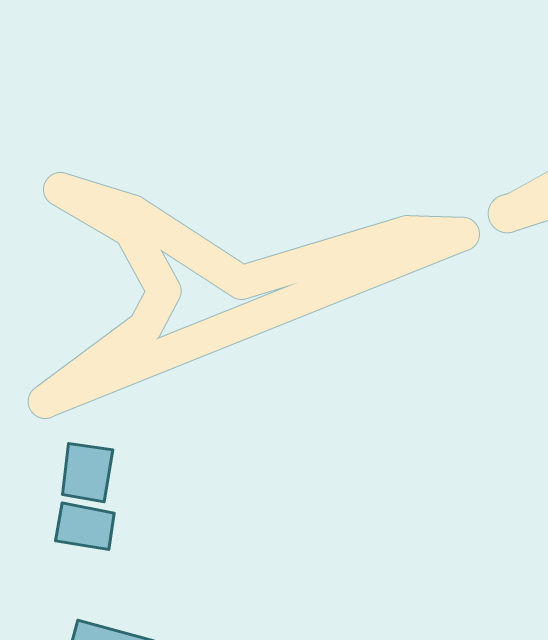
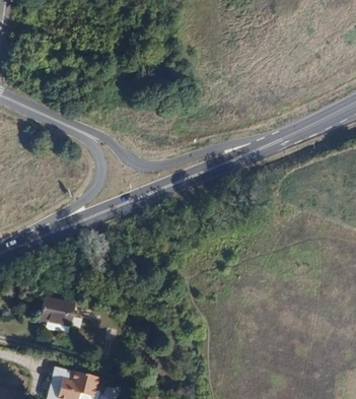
building: [62,443,113,502] -> none

